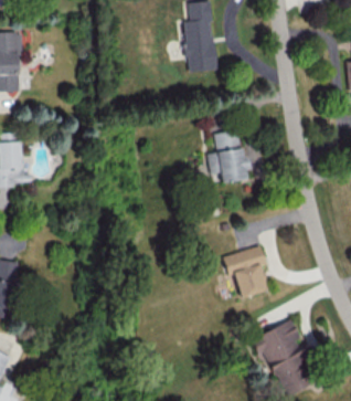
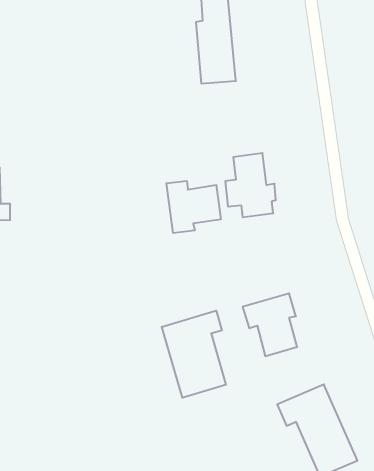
building: none -> [167,181,221,233]
building: none -> [162,311,226,398]

